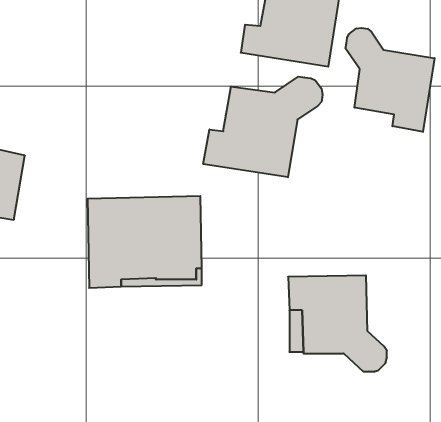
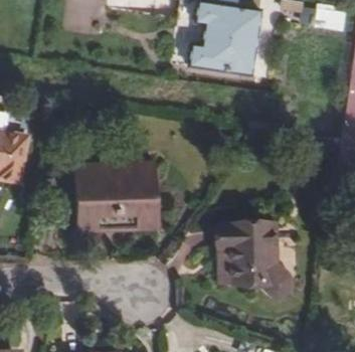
building: [346,28,435,132] -> none
building: [203,77,322,177] -> none

